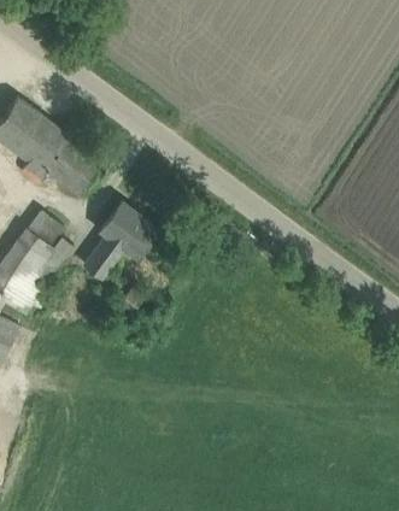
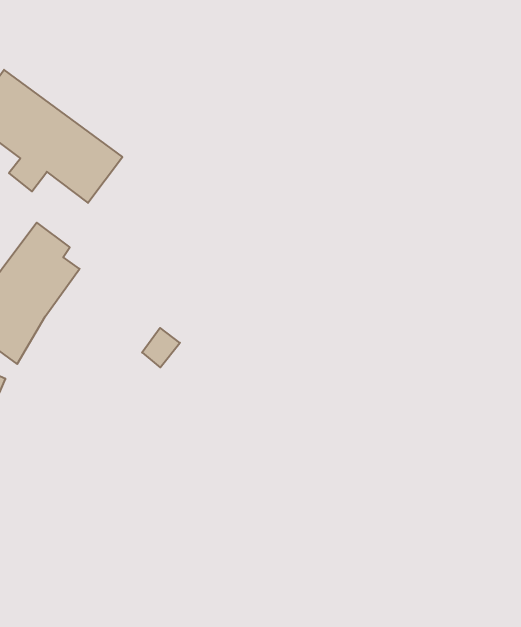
building: [83,204,156,281] -> none

